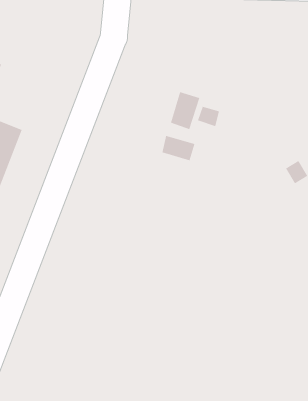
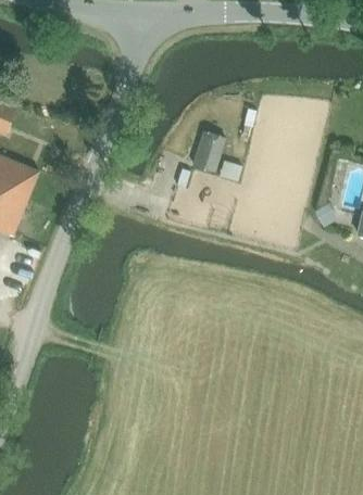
building: [162,135,195,161] -> none

